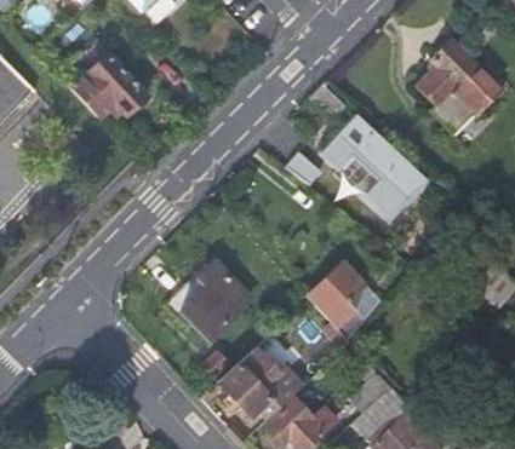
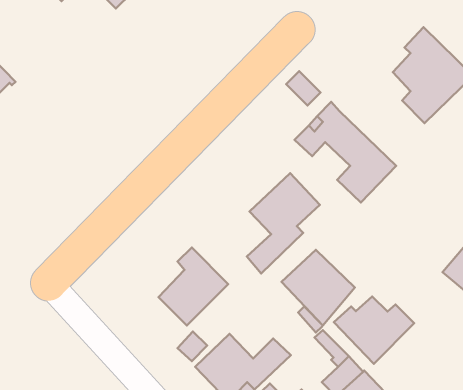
building: [56,41,147,121] -> none
building: none -> [247,173,320,274]
building: none -> [334,297,414,364]

